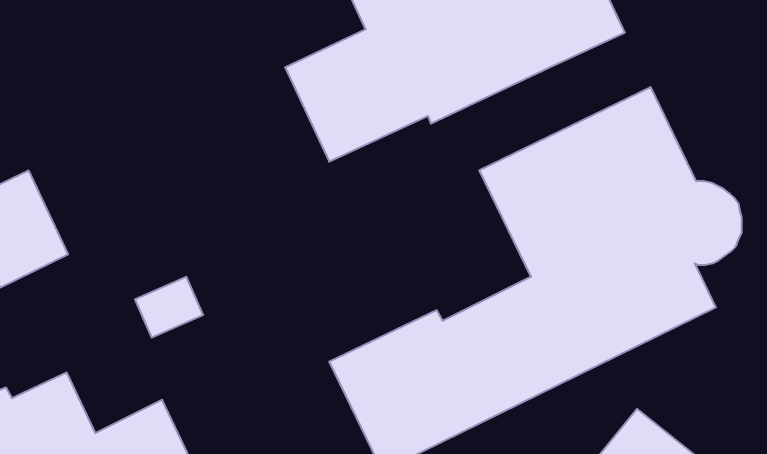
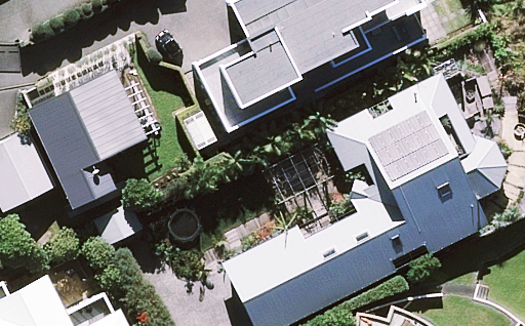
building: none -> [28,68,146,205]

